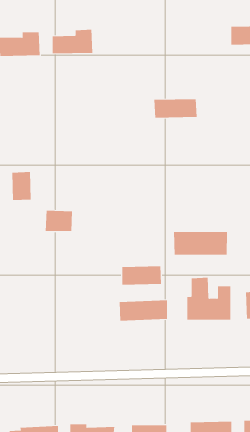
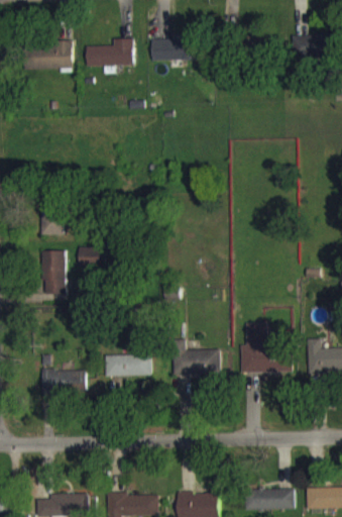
building: [153,99,197,118] -> [150,38,201,61]
building: none -> [41,250,65,294]
building: [173,231,227,256] -> none
building: [122,266,162,285] -> [104,354,150,377]
building: none -> [41,370,85,400]

